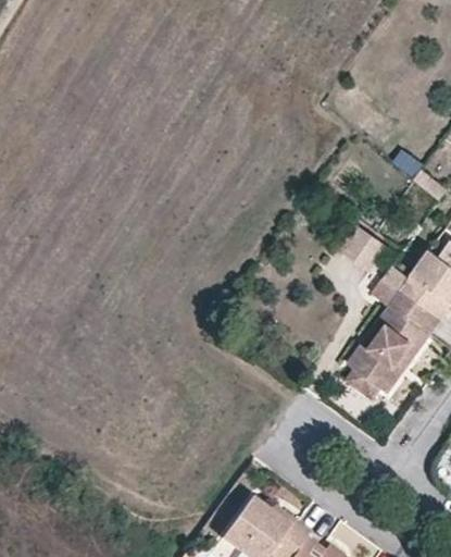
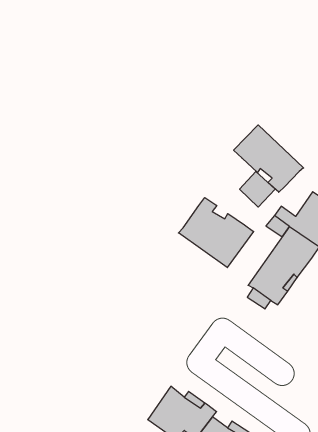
building: none -> [234,125,304,192]
building: none -> [178,198,254,268]

